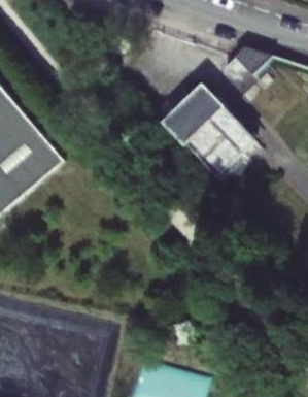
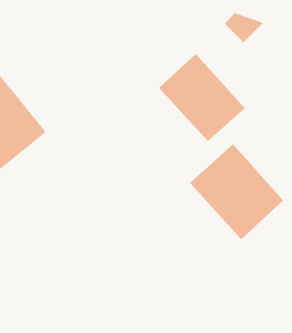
building: none -> [189,143,284,240]

